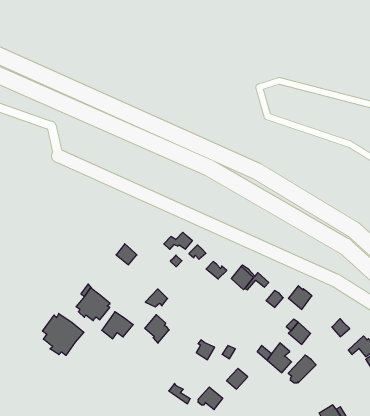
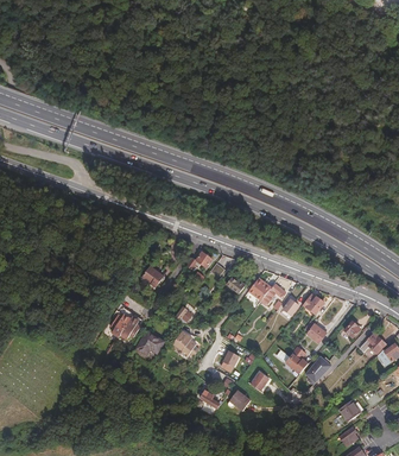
building: [42,313,84,355] -> none

